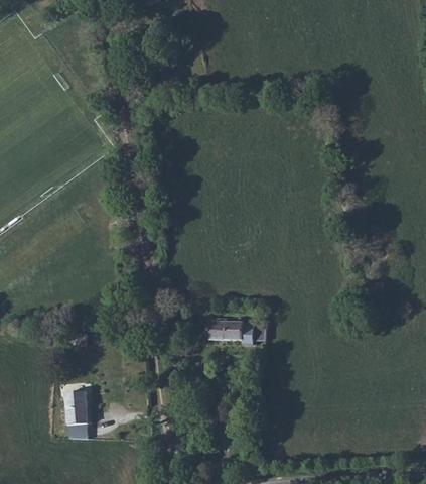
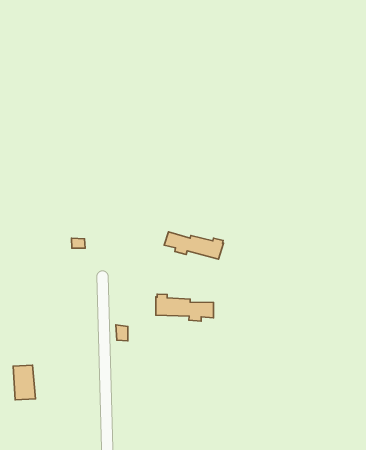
building: none -> [164,232,223,259]

